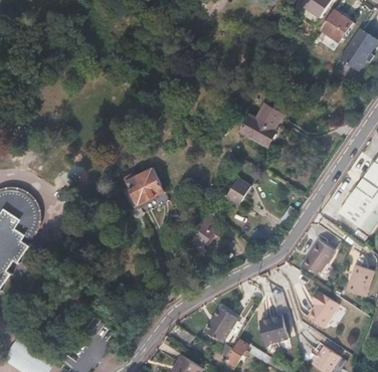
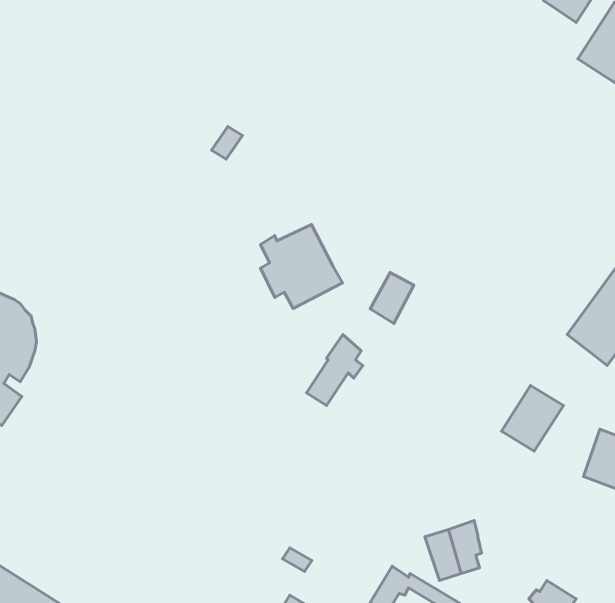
building: [241,101,286,147] -> none
building: [126,167,171,213] -> [260,225,342,308]
building: [306,292,337,329] -> none
building: [206,309,237,341] -> none

